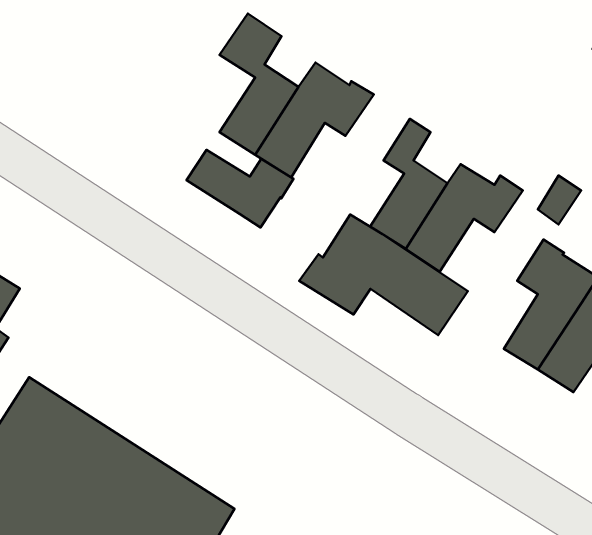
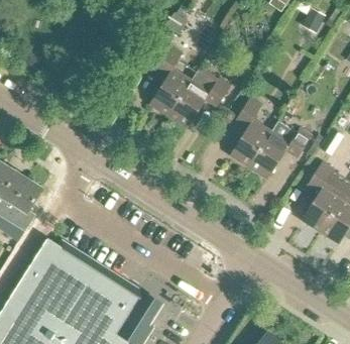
building: [186,150,293,227] -> none
building: [299,214,468,335] -> none

